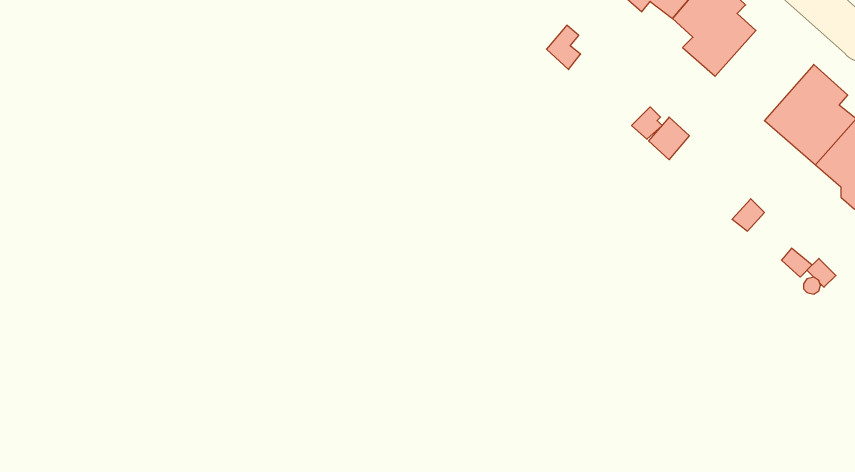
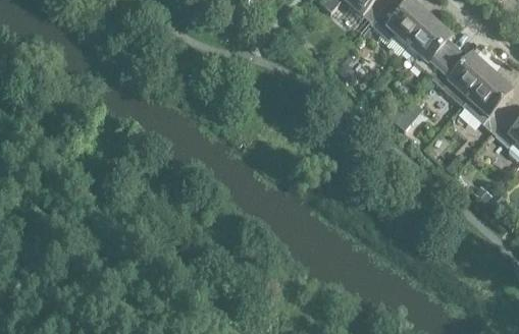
building: none -> [434,49,494,103]

